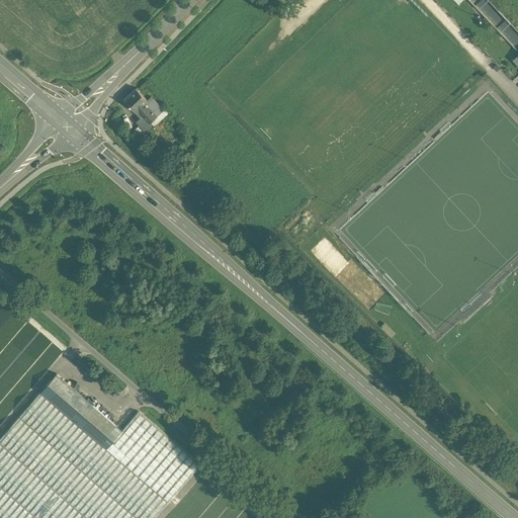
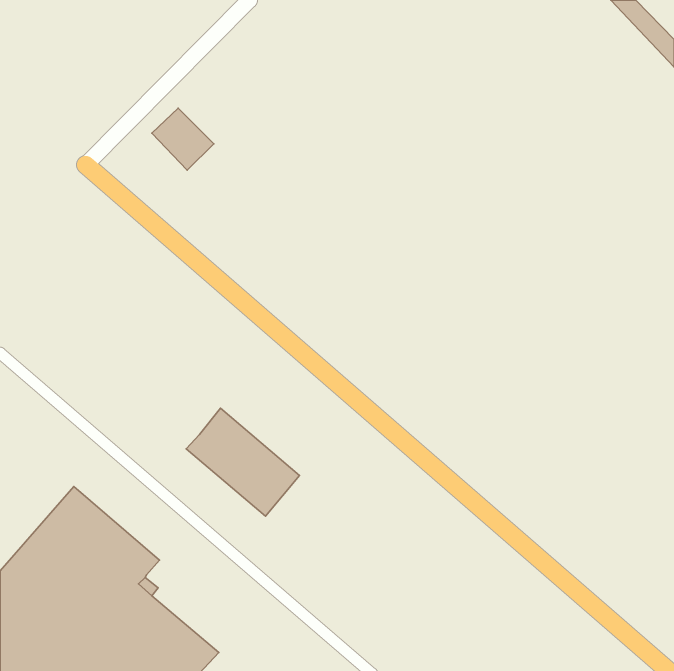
building: [112,412,199,495] -> [186,408,300,516]

